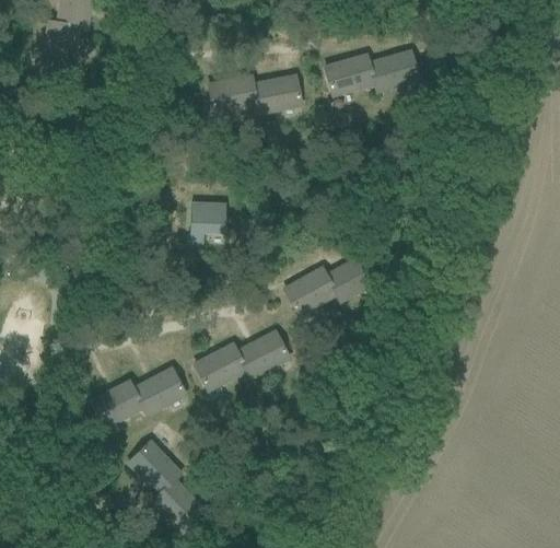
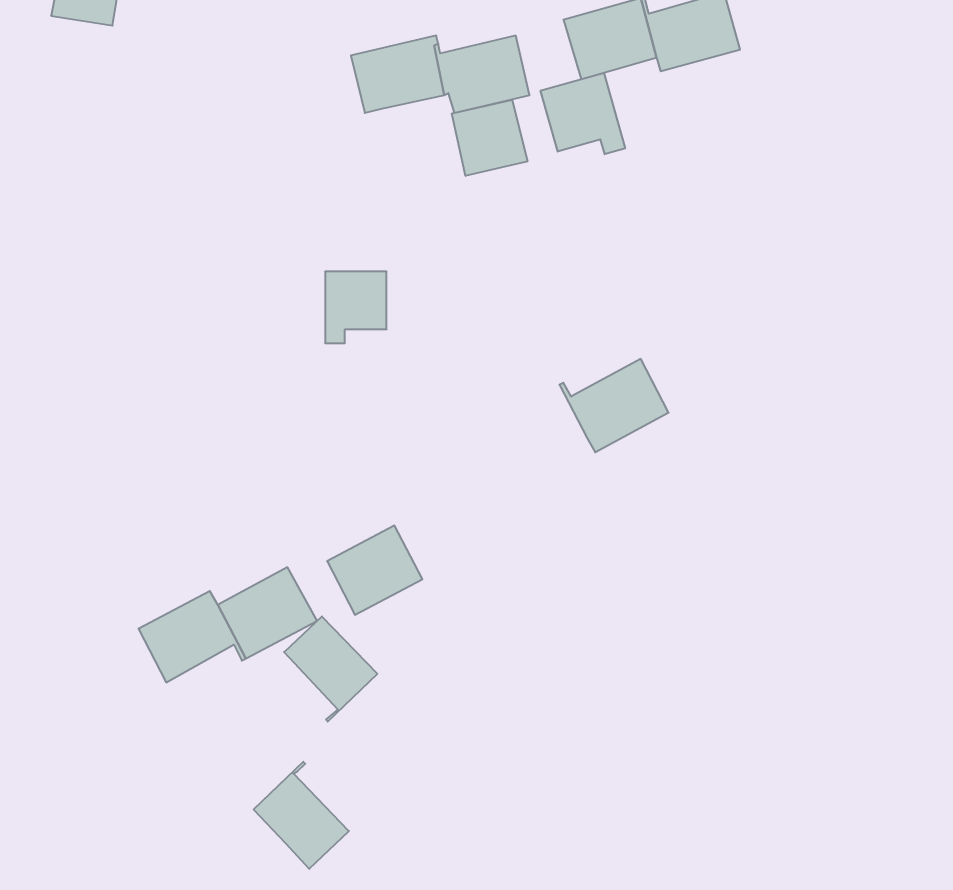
building: none -> [541,73,625,154]
building: none -> [452,100,527,176]
building: [281,265,337,316] -> none
building: [231,328,291,380] -> none
building: [129,441,180,499] -> [284,616,377,722]

